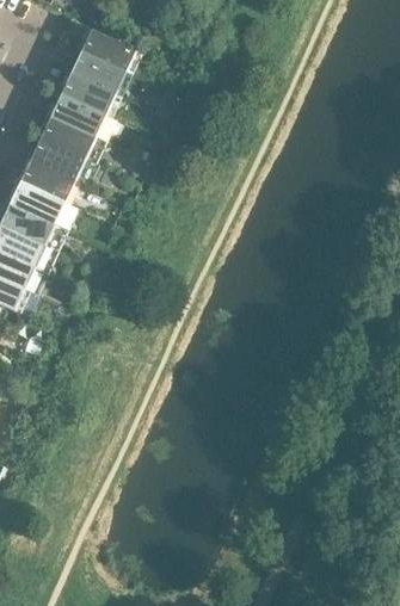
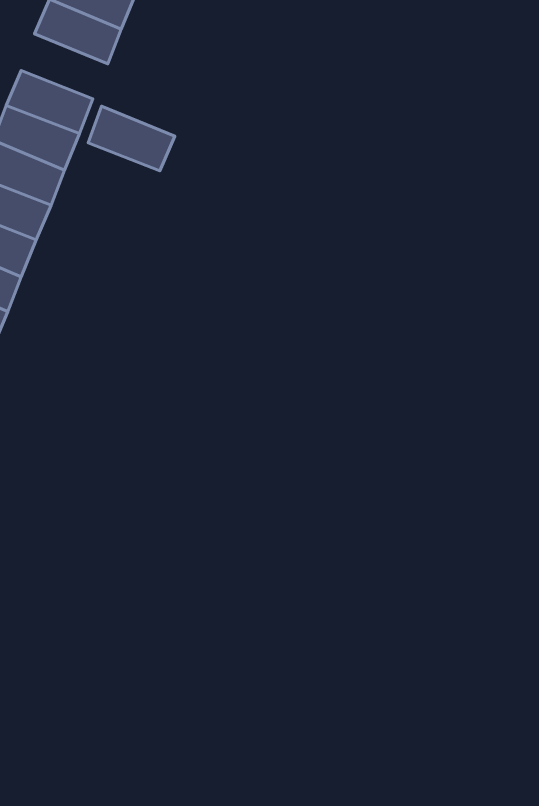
building: [62,70,117,113] -> [88,106,175,171]

